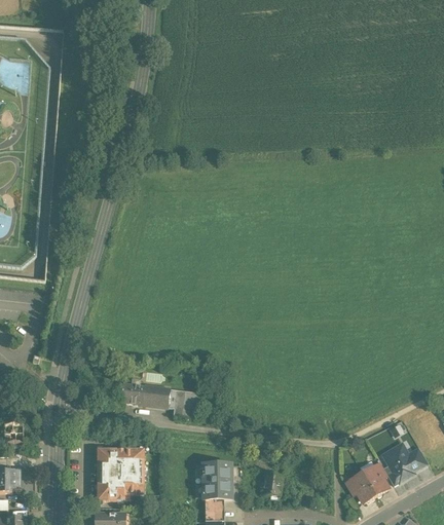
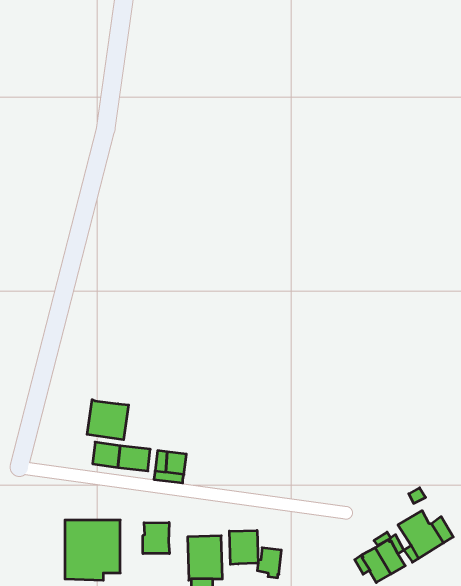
building: none -> [87,400,129,440]
building: none -> [143,522,169,554]
building: none -> [229,530,258,564]

